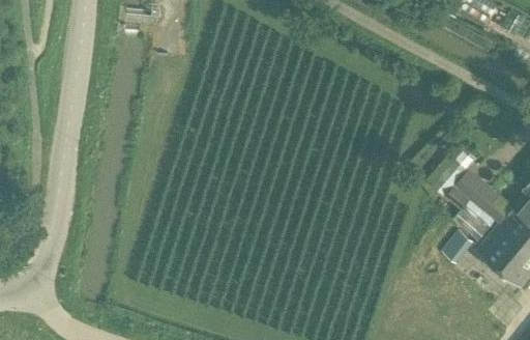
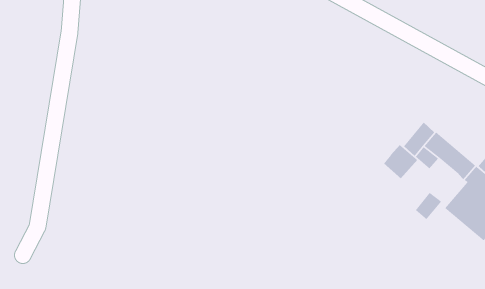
building: [458,200,495,237] -> [383,144,418,179]

